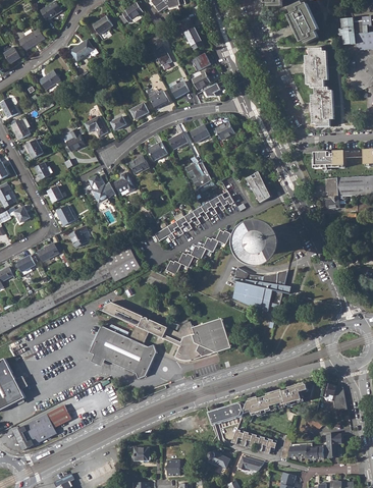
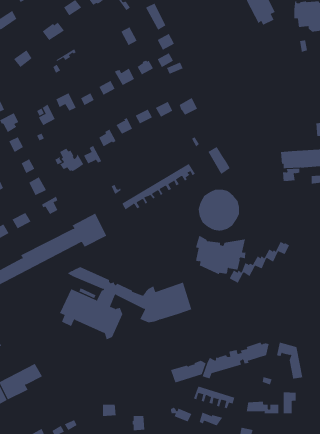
building: [305,48,331,126] -> none
building: [312,149,344,166] -> none
building: [184,156,211,188] -> none
building: [165,229,230,274] -> [229,241,290,283]

